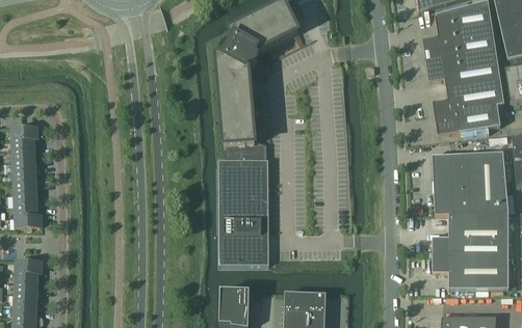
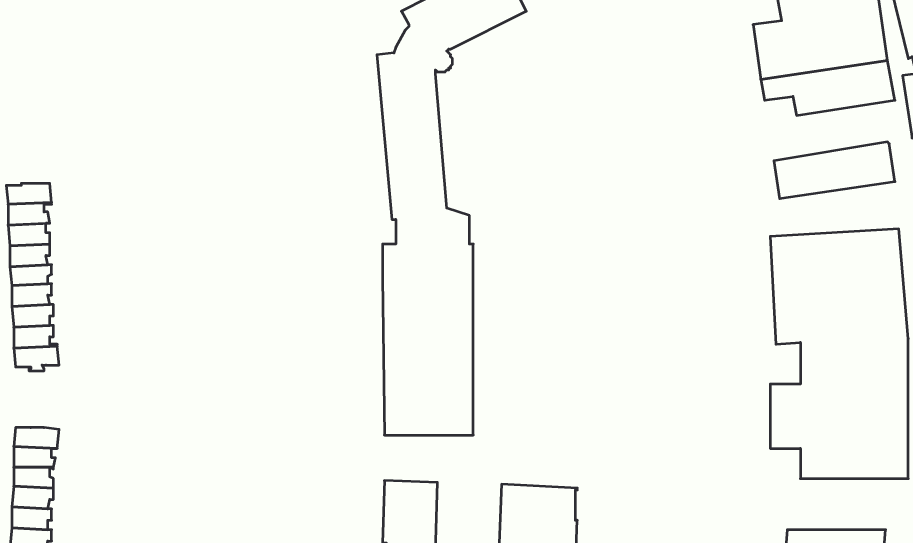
building: [432,81,503,114] -> none

